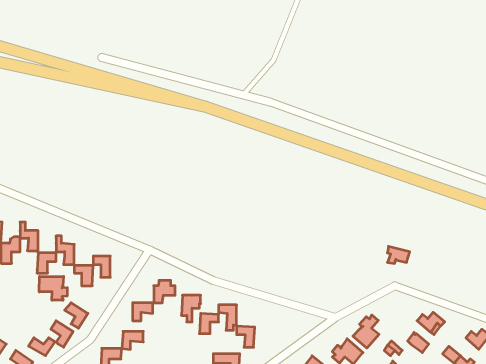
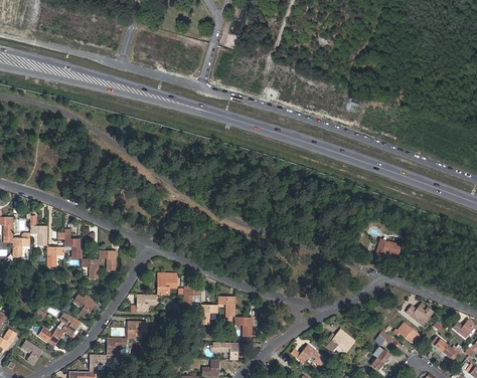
building: [39,276,67,300] -> none
building: [353,315,379,348] -> none

